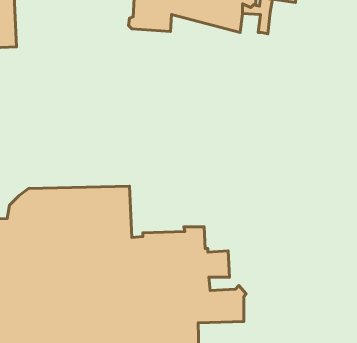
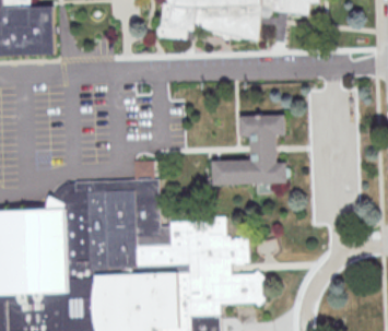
building: none -> [211,114,286,184]

